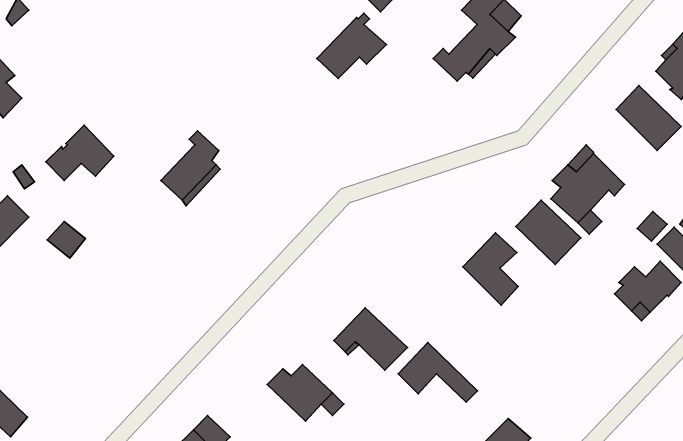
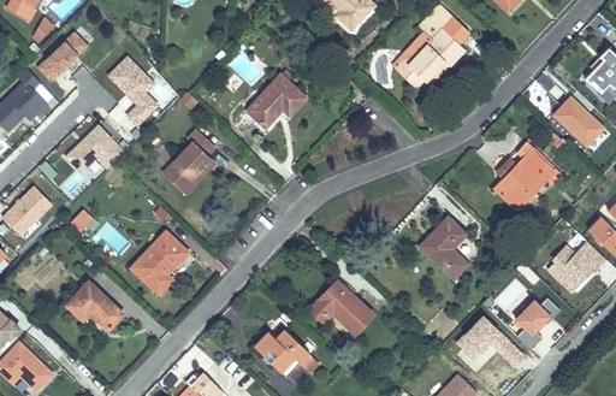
building: [317,13,386,78] -> [247,71,306,126]
building: none -> [38,32,88,81]
building: none -> [108,57,158,124]
building: [516,200,581,264] -> none
building: none -> [131,231,186,292]
building: none -> [65,280,122,329]
building: none -> [515,297,561,349]
building: [398,343,478,402] -> [457,315,525,366]

